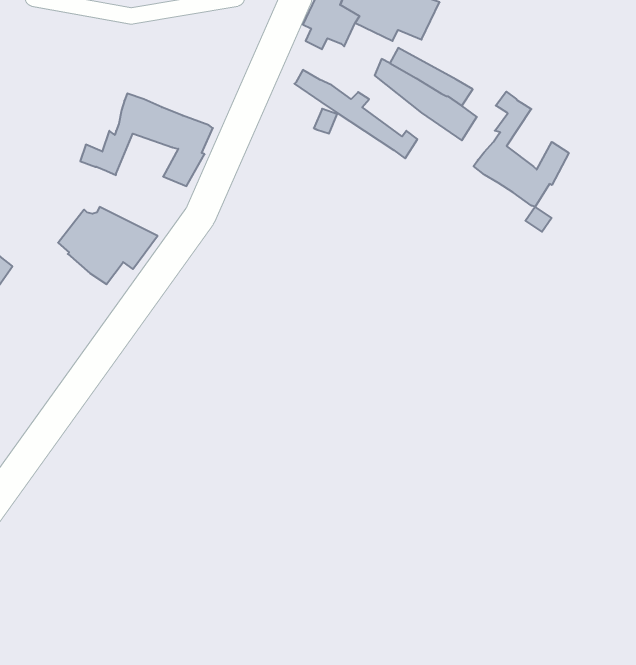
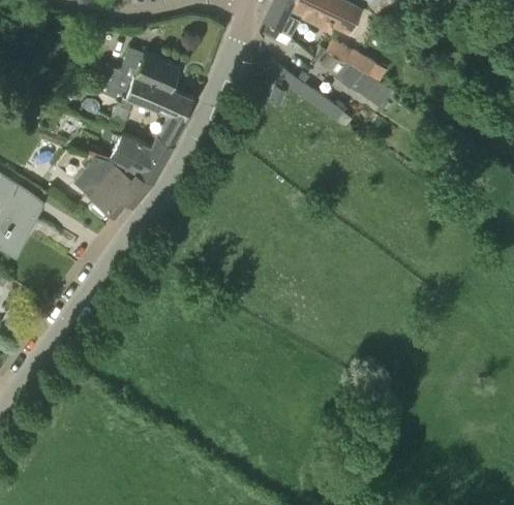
building: none -> [96,49,179,104]
building: [474,92,569,207] -> none
building: none -> [102,128,174,181]

